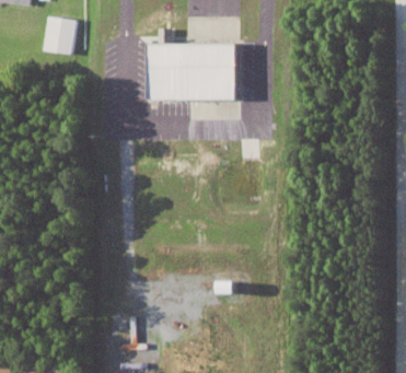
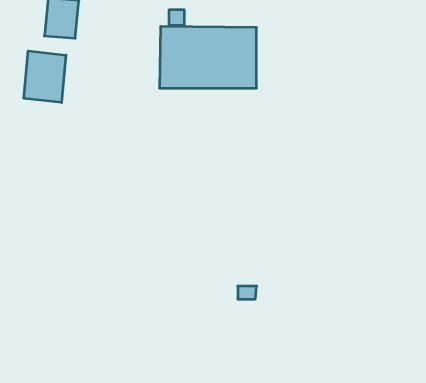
building: none -> [24,51,66,103]

